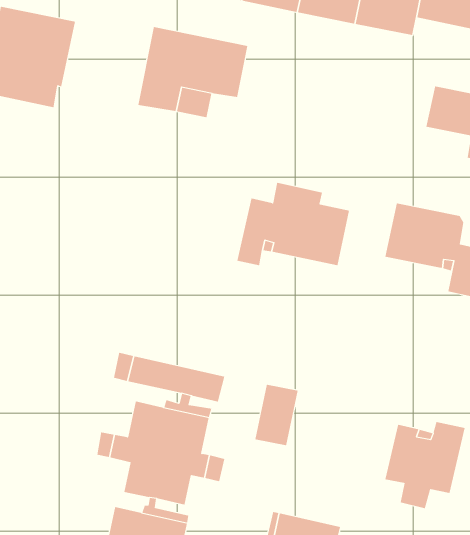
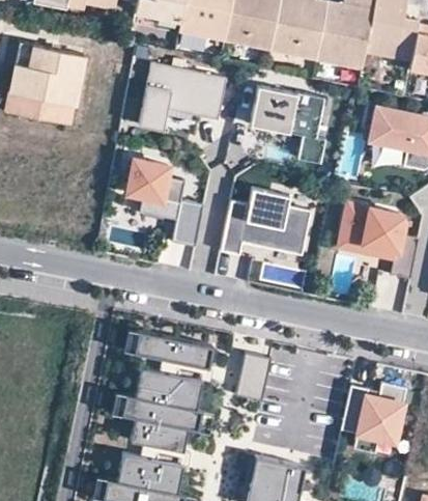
building: none -> [250,86,326,164]
building: none -> [127,158,205,246]

